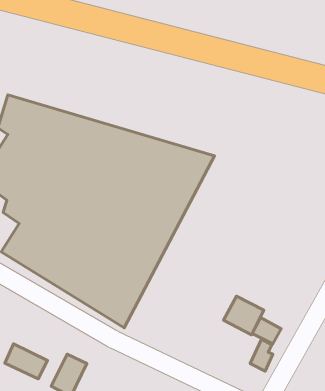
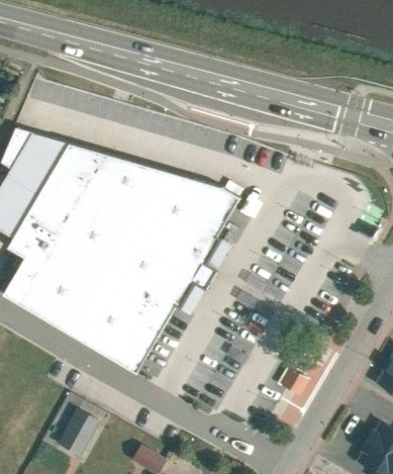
building: [224,296,264,335] -> none
building: [5,344,47,379] -> none

